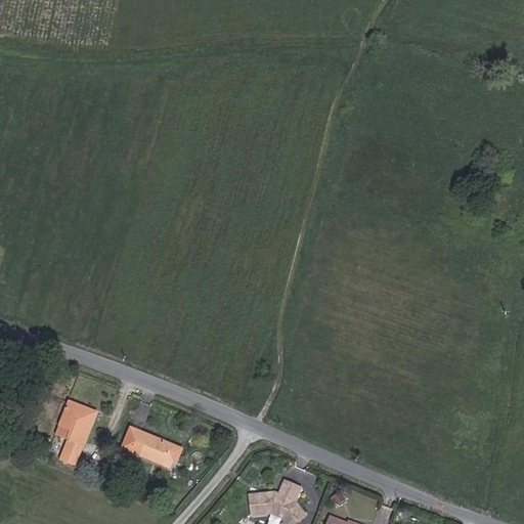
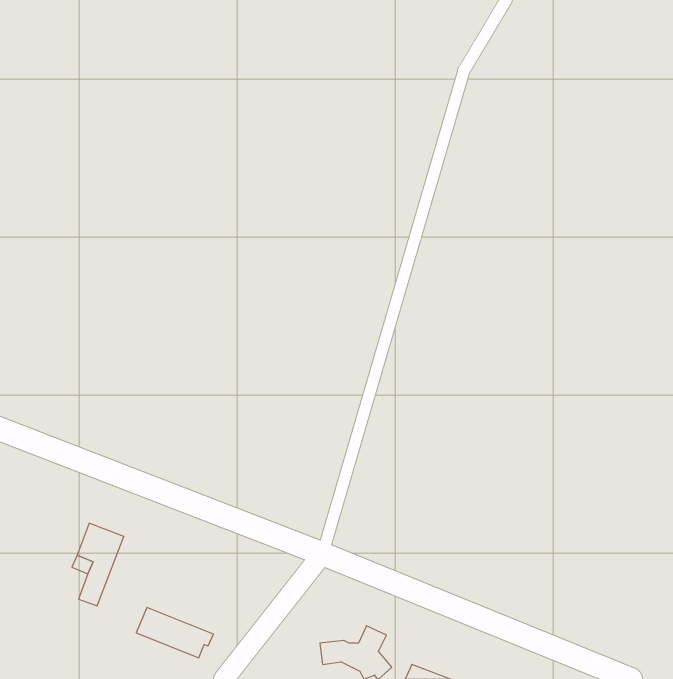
building: [123,427,182,466] -> [136,607,213,658]

